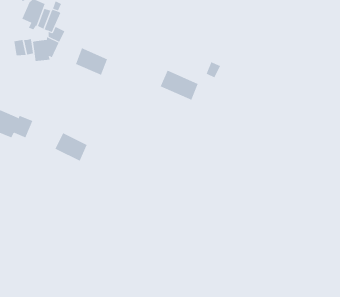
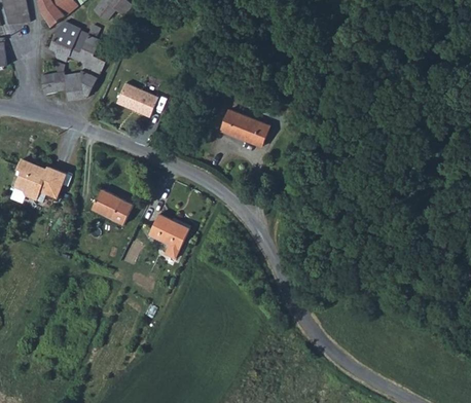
building: none -> [149,214,188,249]

